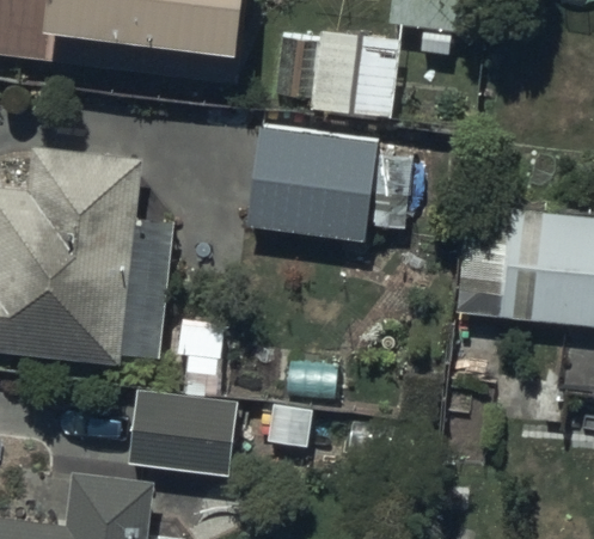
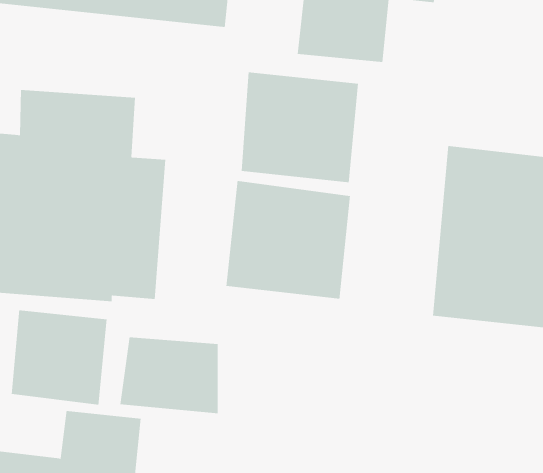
building: none -> [226,180,351,300]
building: none -> [11,310,107,406]

